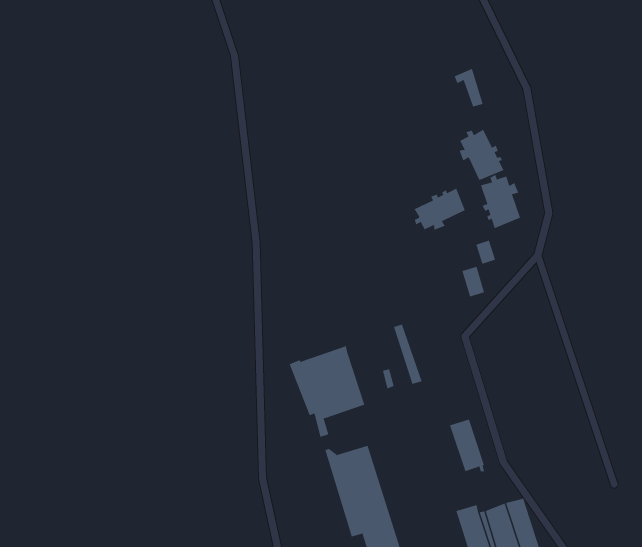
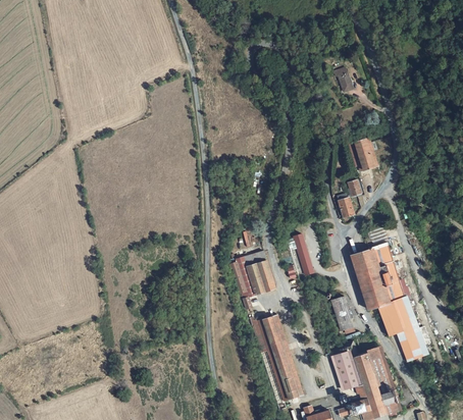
building: [459,129,504,181] -> none
building: [414,188,466,231] -> none
building: none -> [353,242,427,363]

